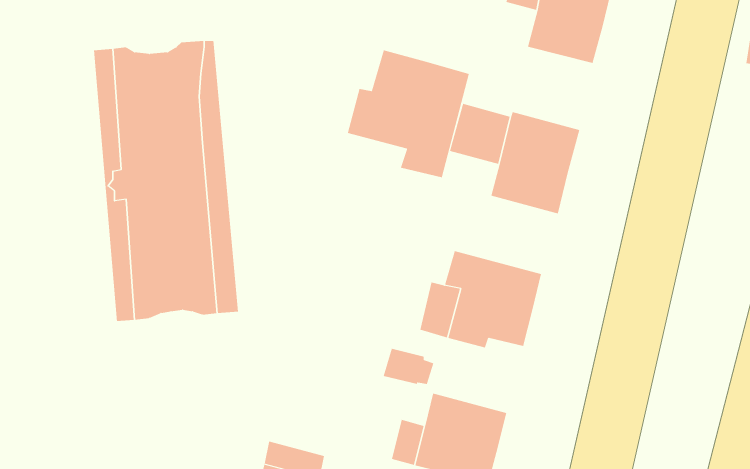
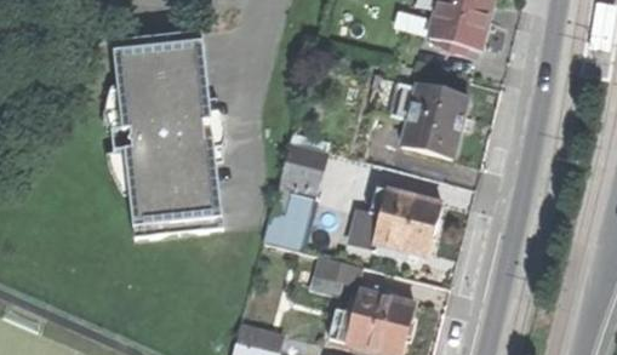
building: [347,50,470,178] -> none
building: none -> [281,139,329,187]
building: none -> [269,189,319,246]

